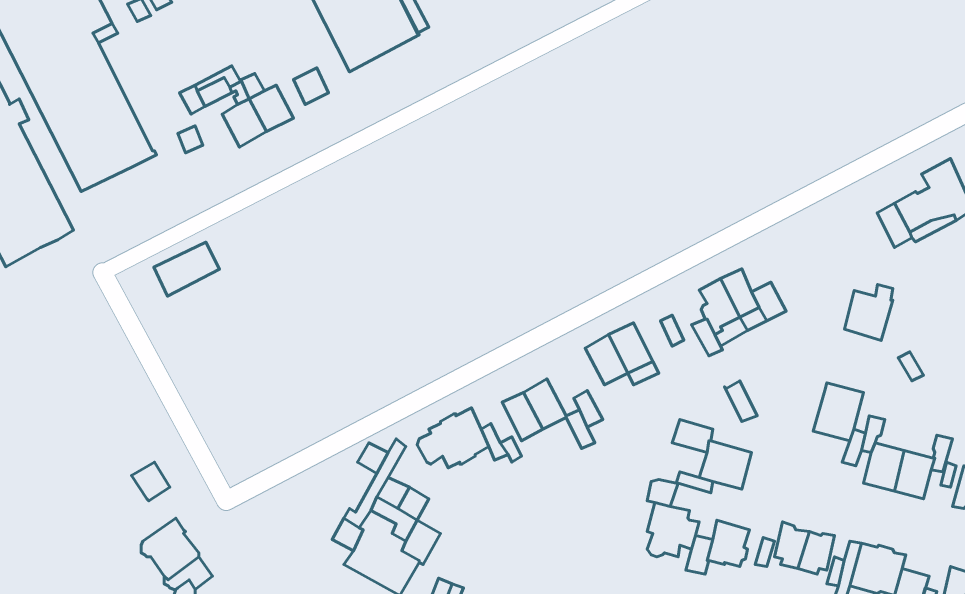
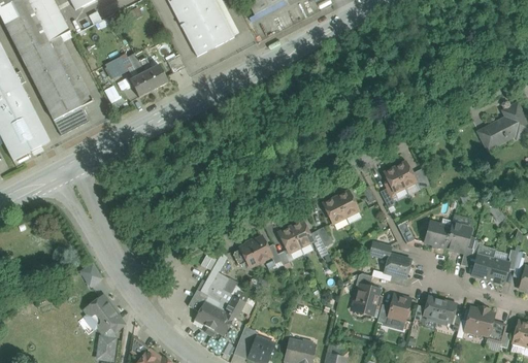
building: [154,242,219,296] -> [54,106,89,135]
building: [845,285,893,341] -> [425,218,451,248]

